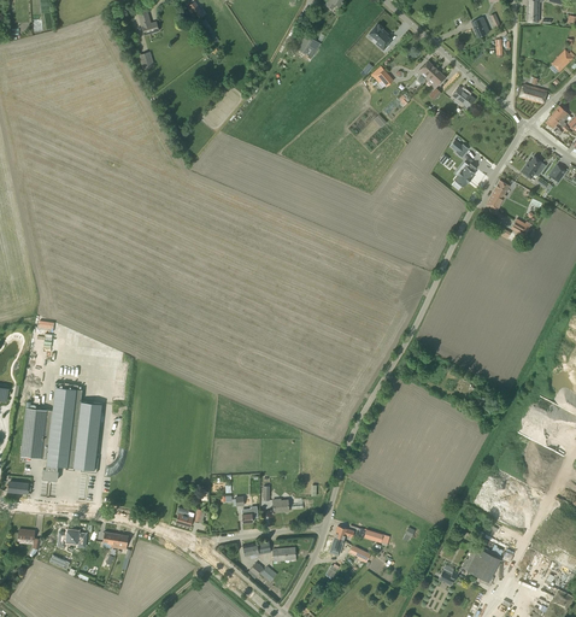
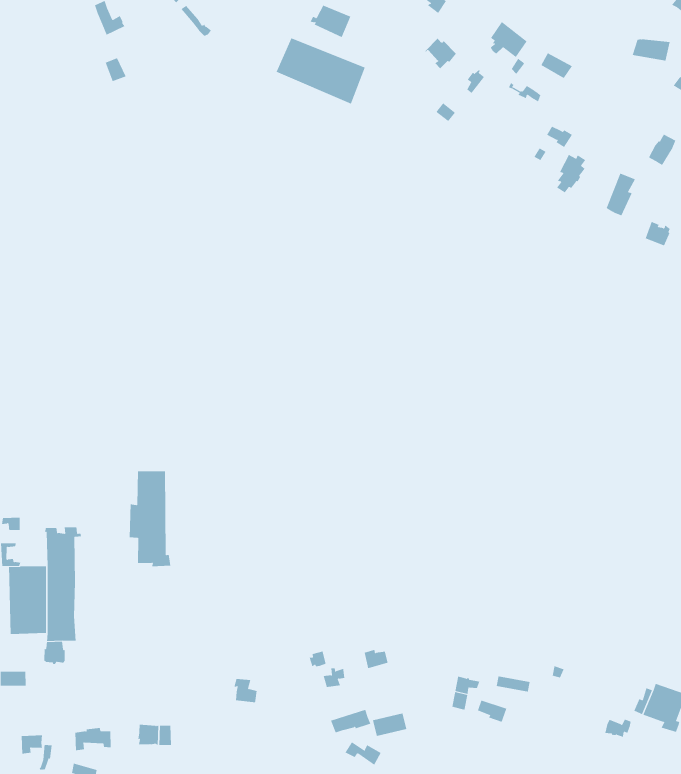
building: none -> [276,38,365,104]
building: [69,401,101,472] -> [129,471,171,567]

